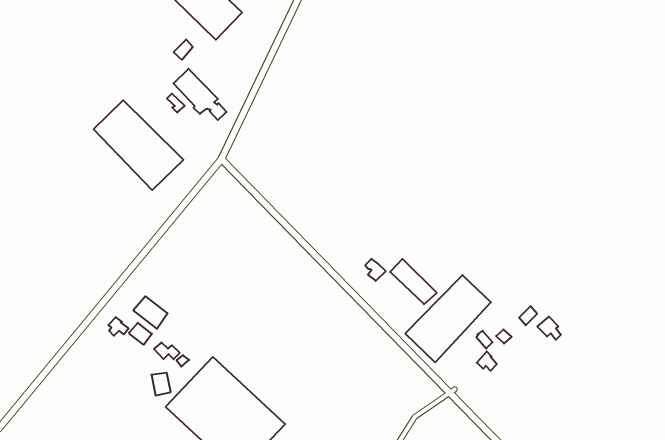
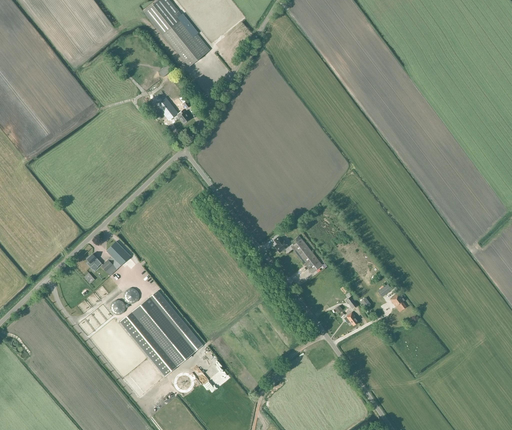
building: [94,100,183,190] -> none
building: [405,275,491,362] -> none

